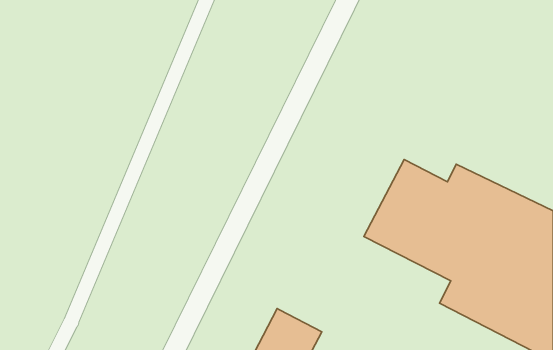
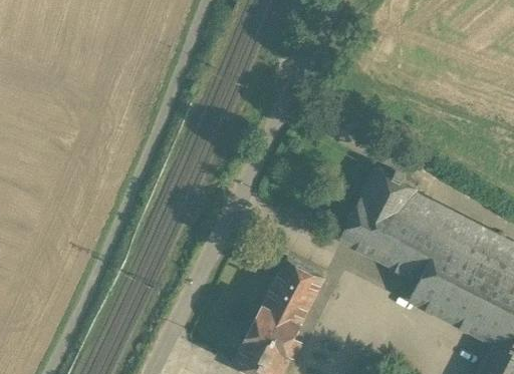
building: none -> [266,262,327,327]

